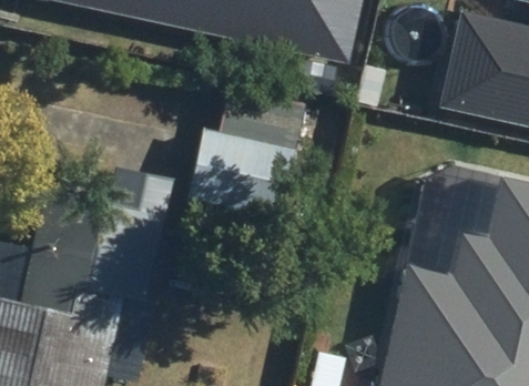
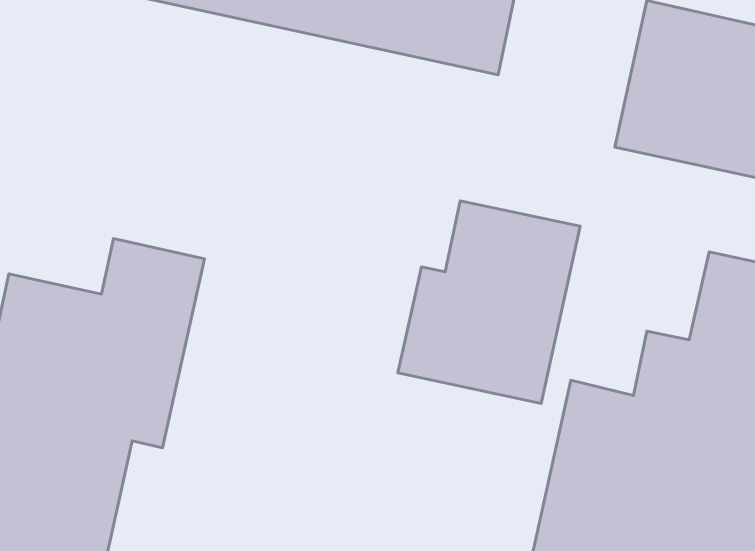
building: [182,89,302,222] -> [398,201,580,403]

